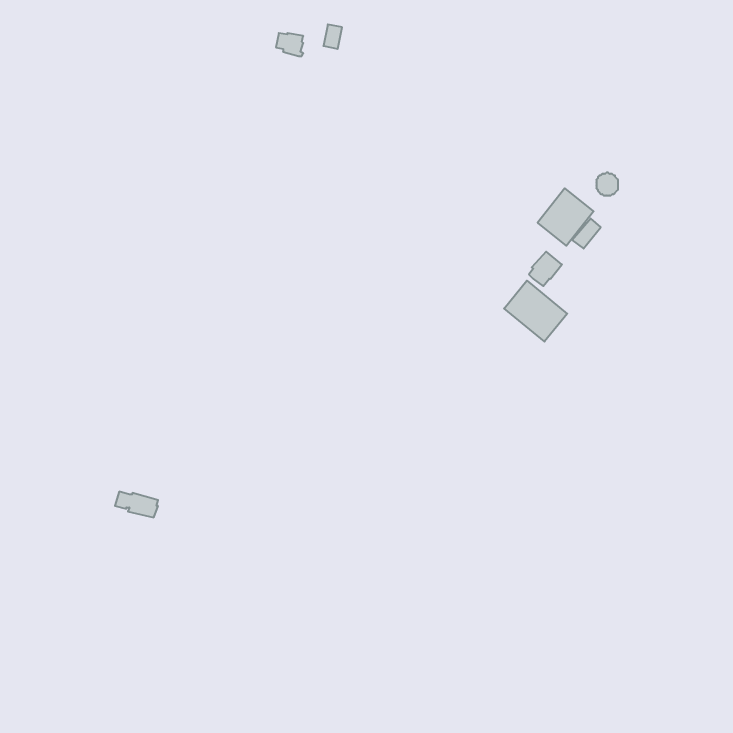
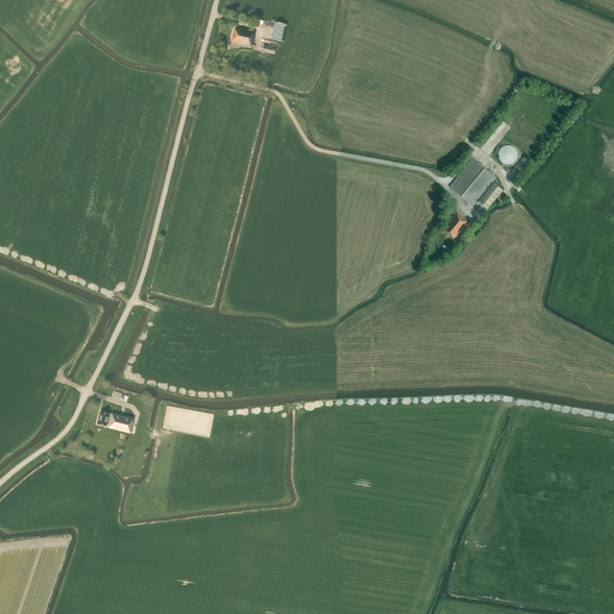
building: [504,281,567,342] -> none

